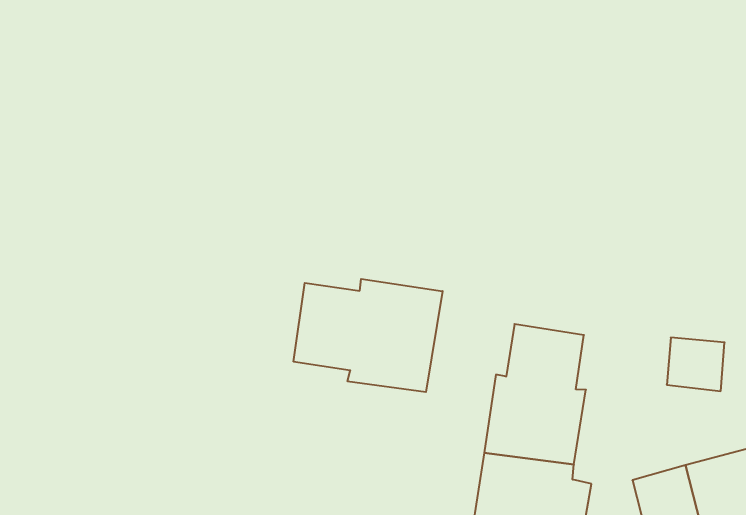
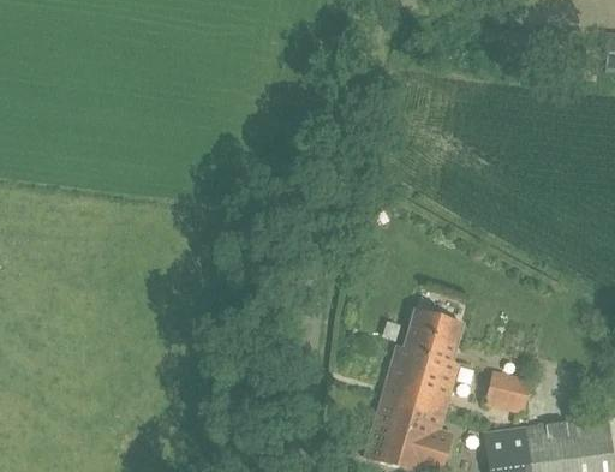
building: [294,279,443,392] -> none
building: [667,338,725,391] -> [485,370,531,413]

